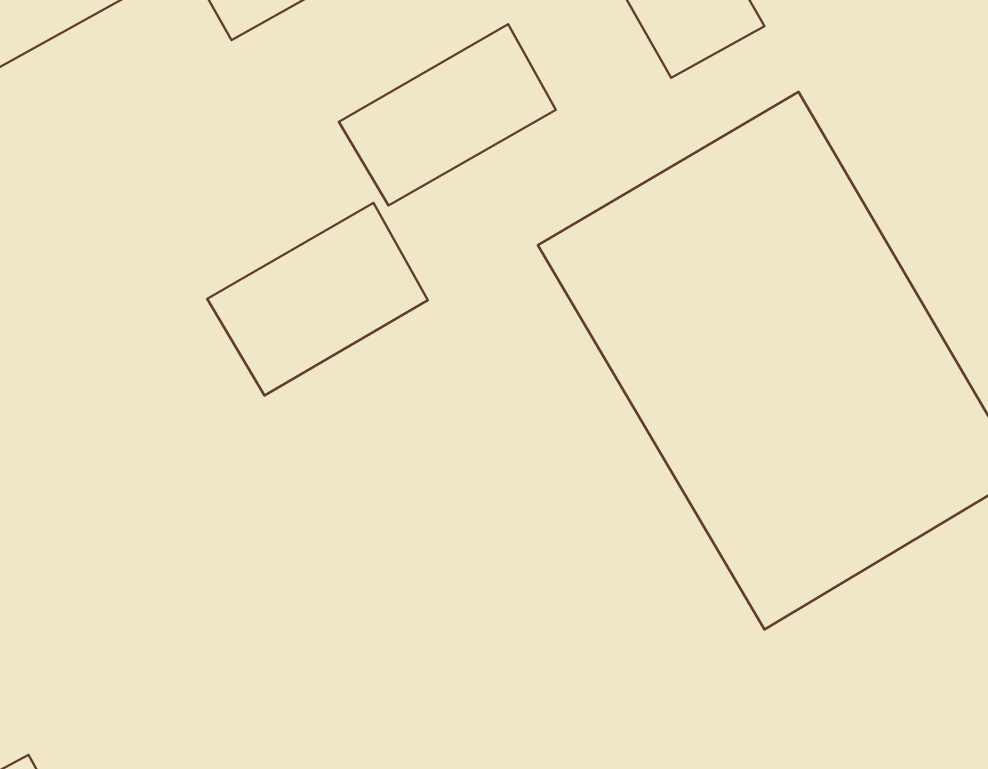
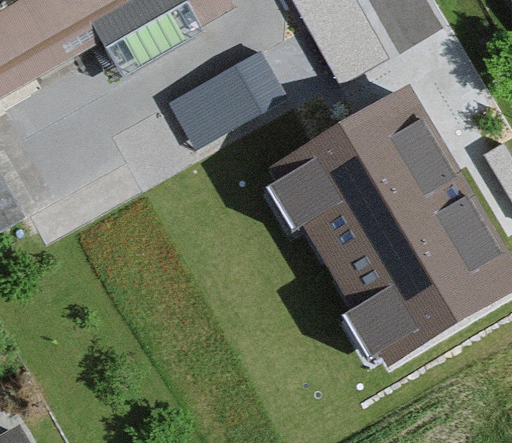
building: [207,203,428,395] -> none

